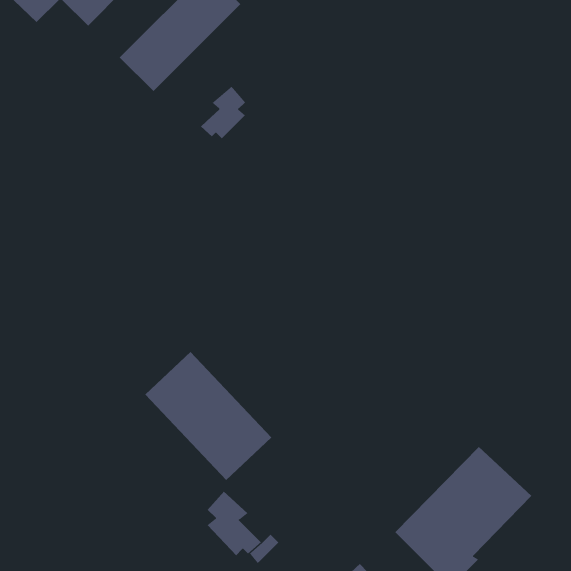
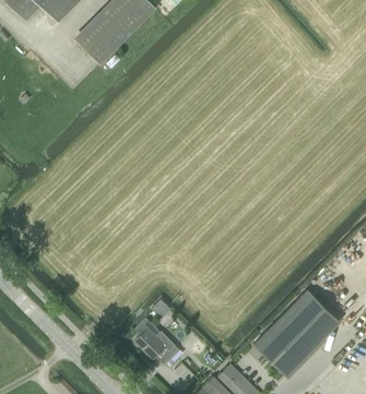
building: [200,86,246,139] -> none
building: [145,351,272,481] -> none

